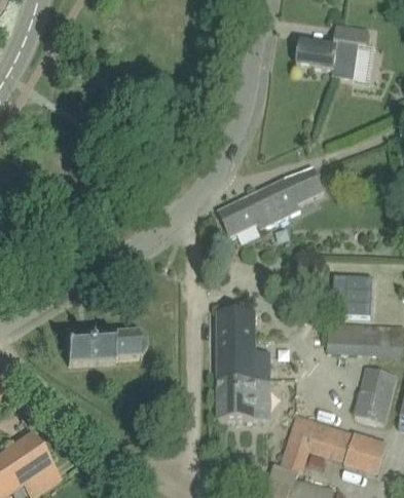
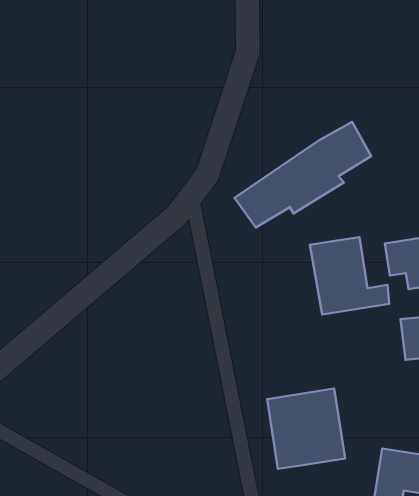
building: [217,312,270,366] -> [310,237,389,314]
building: [66,329,146,363] -> none

